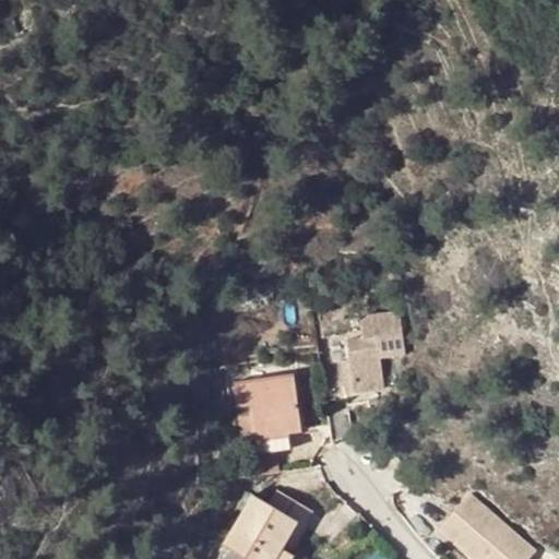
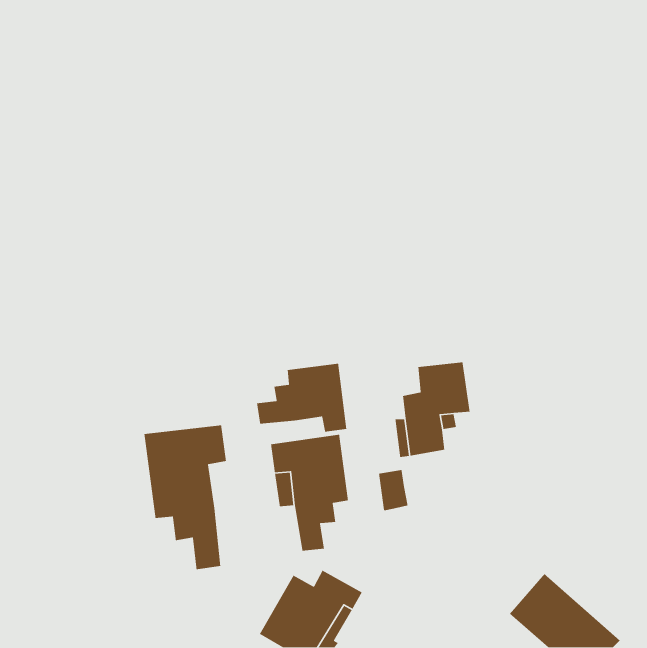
building: none -> [256,363,347,433]
building: none -> [144,424,227,570]

